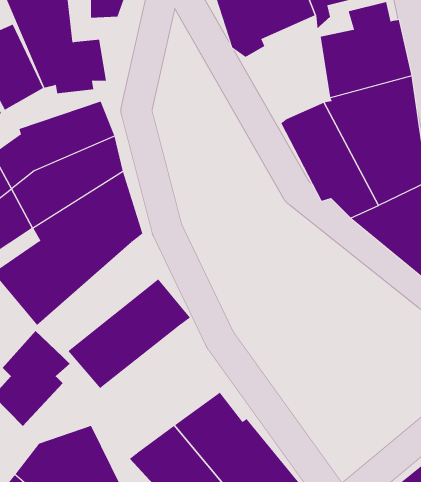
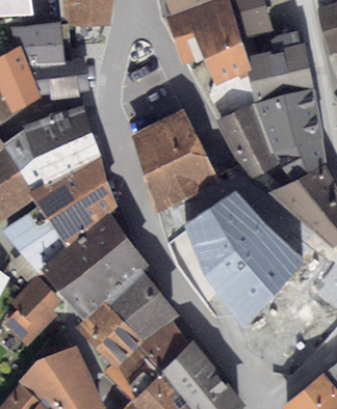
building: none -> [204,42,255,118]
building: none -> [134,115,215,209]
building: none -> [184,191,306,329]
building: none -> [34,210,127,295]
building: none -> [75,272,178,366]

